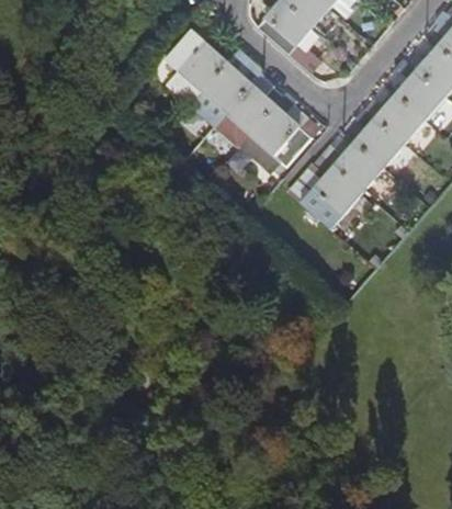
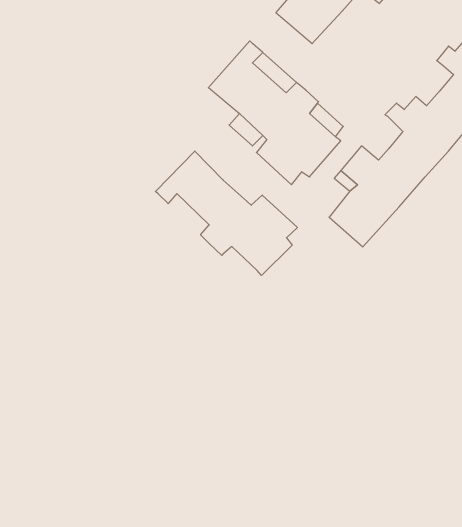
building: [162,31,234,106] -> none
building: none -> [155,151,297,275]

